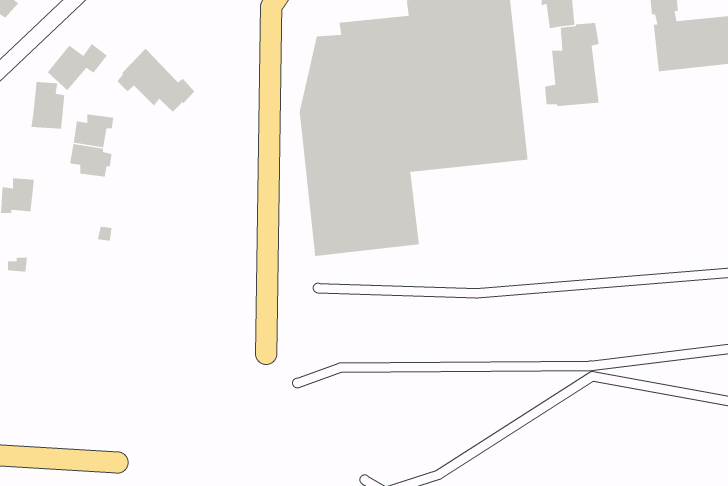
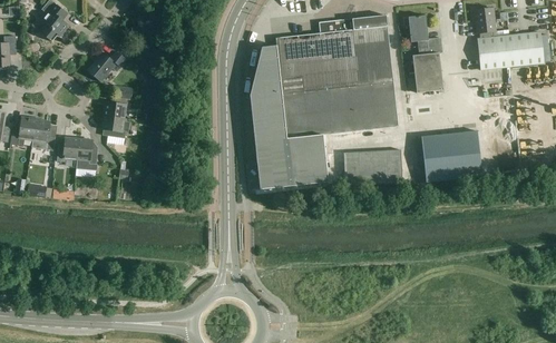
building: [116,48,195,112] -> none
building: [31,81,65,129] -> [76,138,98,169]
building: none -> [414,130,481,180]
building: none -> [343,149,401,185]

